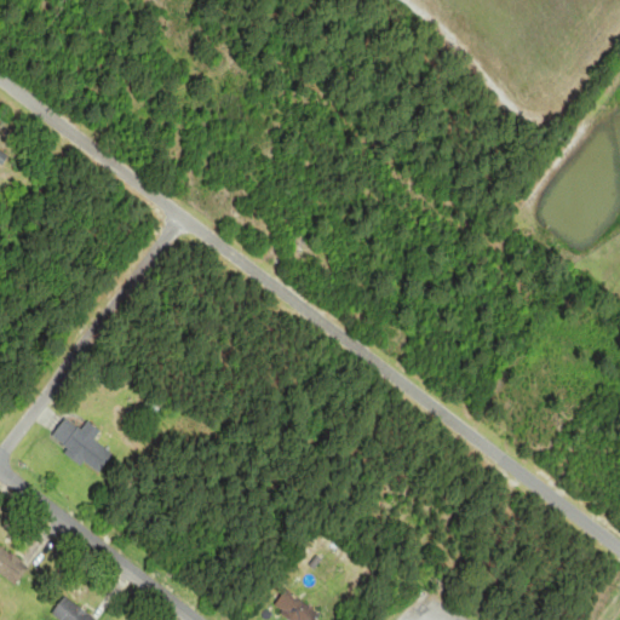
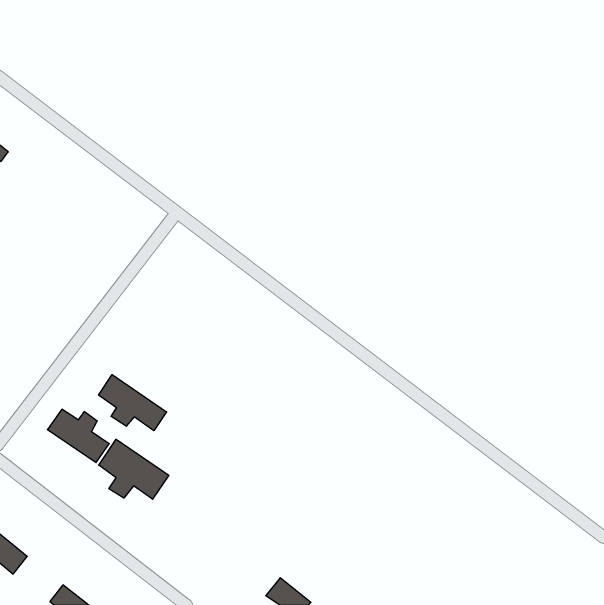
building: none -> [99,375,167,431]
building: none -> [99,439,169,499]

